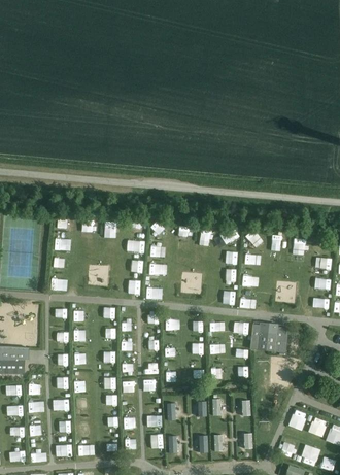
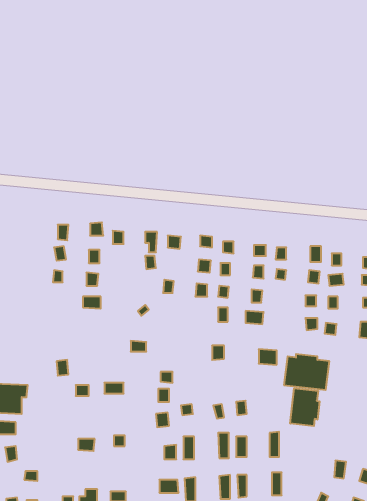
building: none -> [290,388,320,426]

